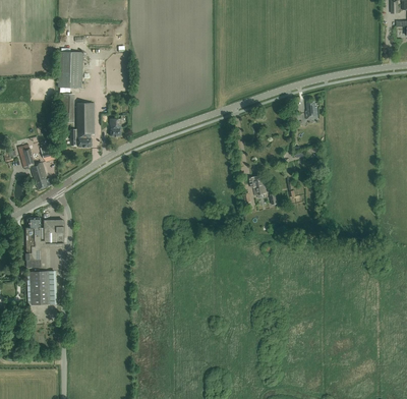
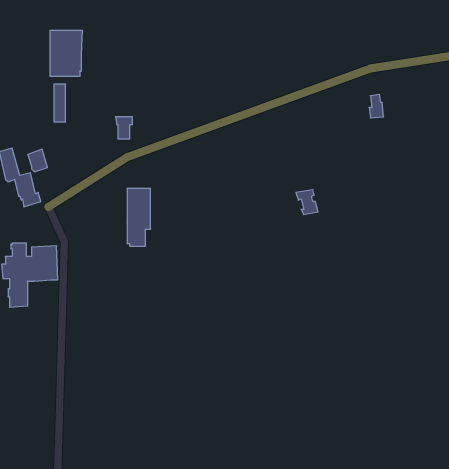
building: [76,102,95,147] -> [127,189,151,246]
building: [26,270,57,303] -> none

